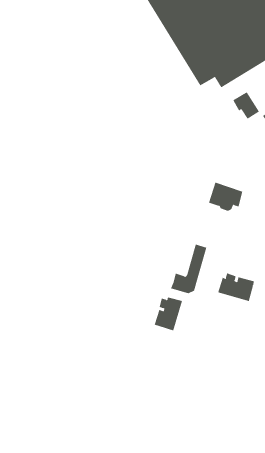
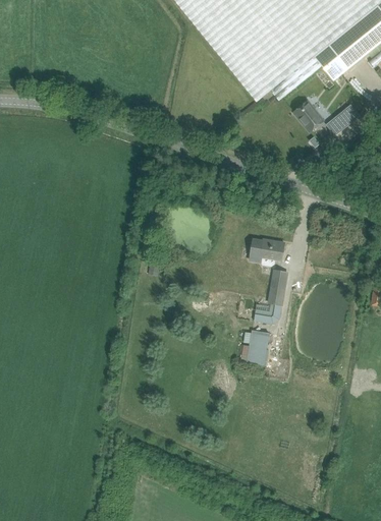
building: [208,182,243,211] -> [249,236,284,266]
building: [217,272,255,302] -> none

